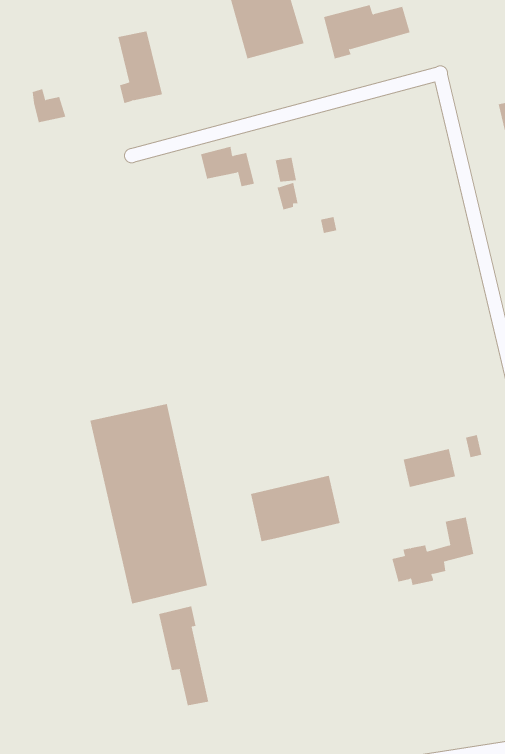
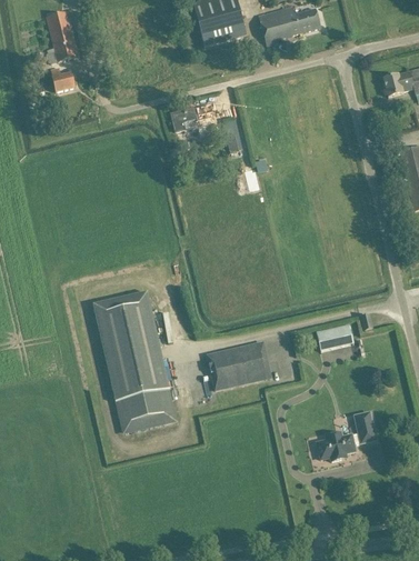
building: [117,31,163,104] -> [47,11,79,63]
building: [392,517,474,585] -> [317,412,376,461]
building: [158,606,209,706] -> none

